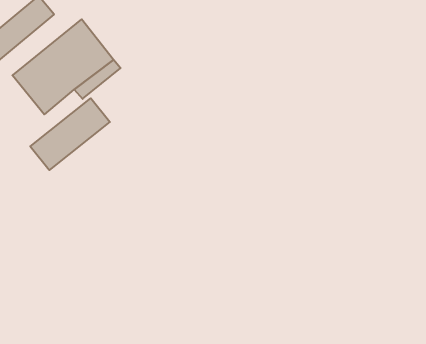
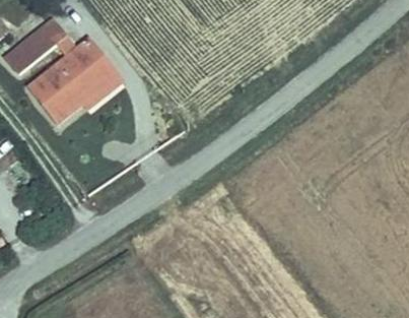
building: [30,98,110,170] -> none

